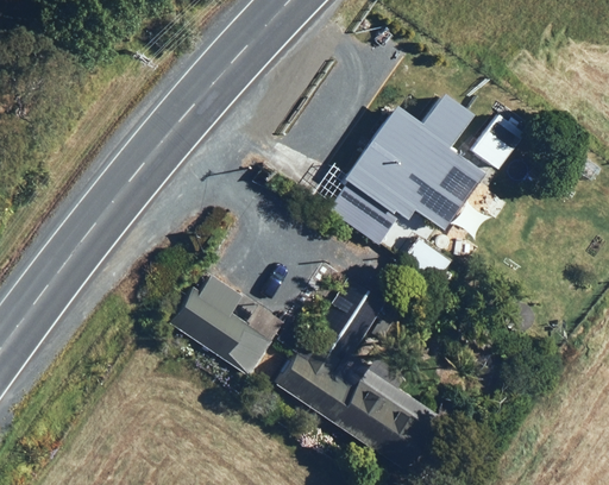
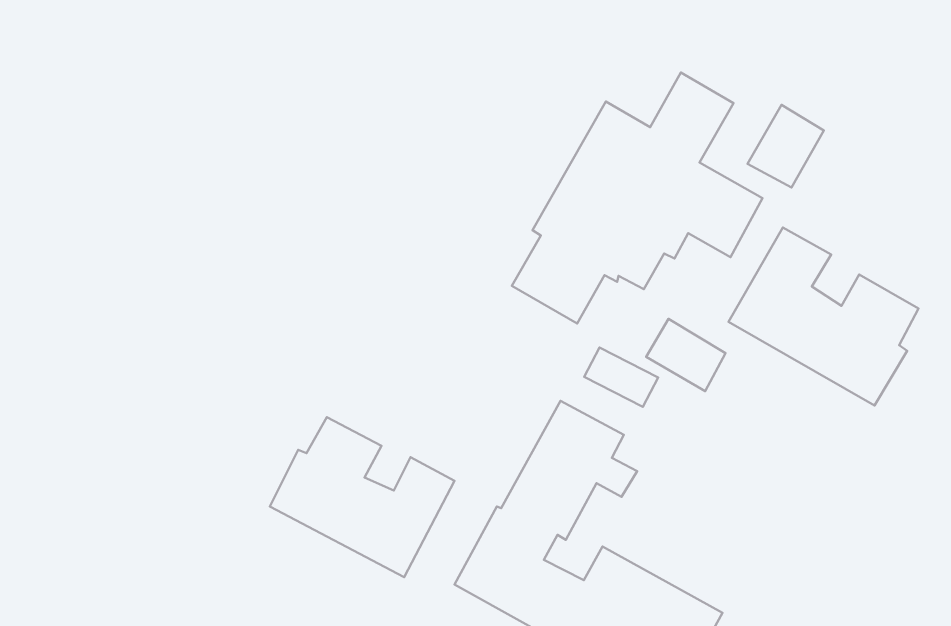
building: none -> [728,227,918,405]

